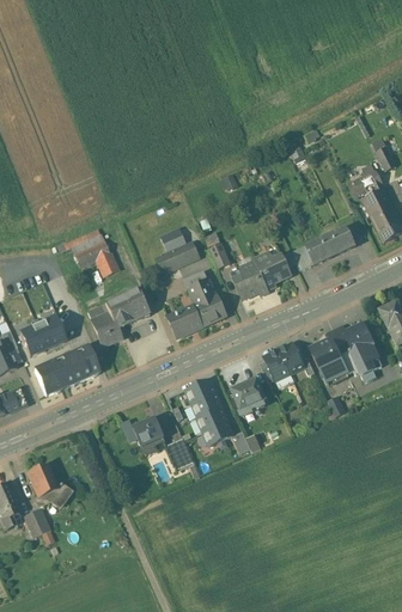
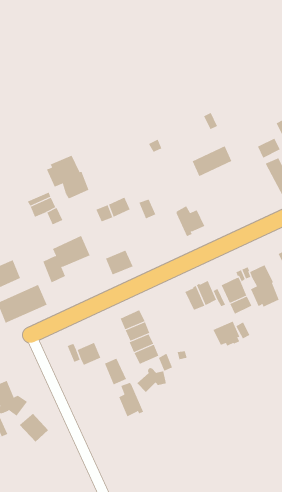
building: none -> [46,155,89,200]
building: [305,226,354,264] -> [192,145,232,177]
building: [233,261,268,299] -> none
building: [184,271,225,325] -> none
building: [231,379,264,410] -> [213,321,240,347]
building: none -> [136,367,167,393]
building: none -> [118,382,144,417]
building: none -> [19,413,49,443]

